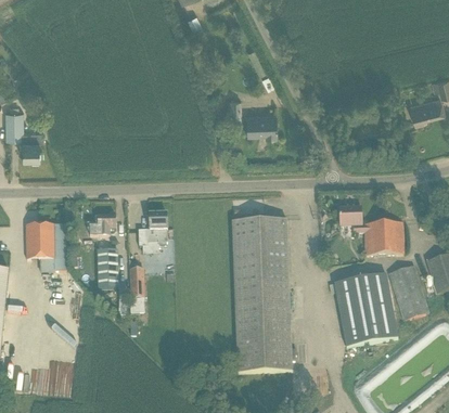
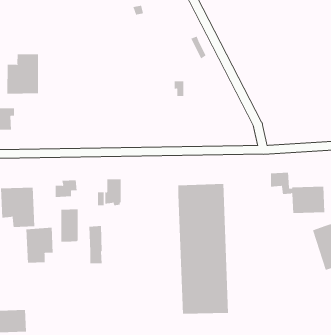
building: none -> [7,54,39,94]
building: [246,113,275,135] -> none
building: none -> [26,227,53,264]
building: [332,272,397,346] -> none

